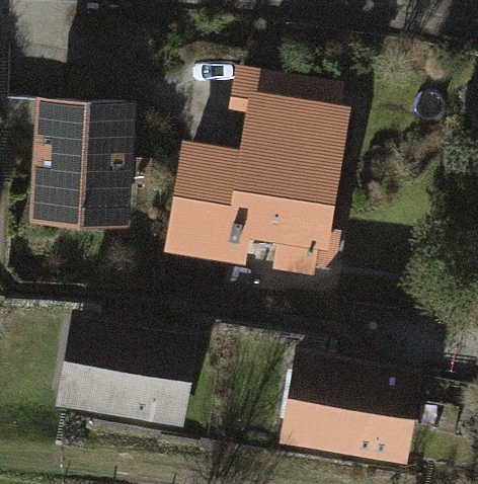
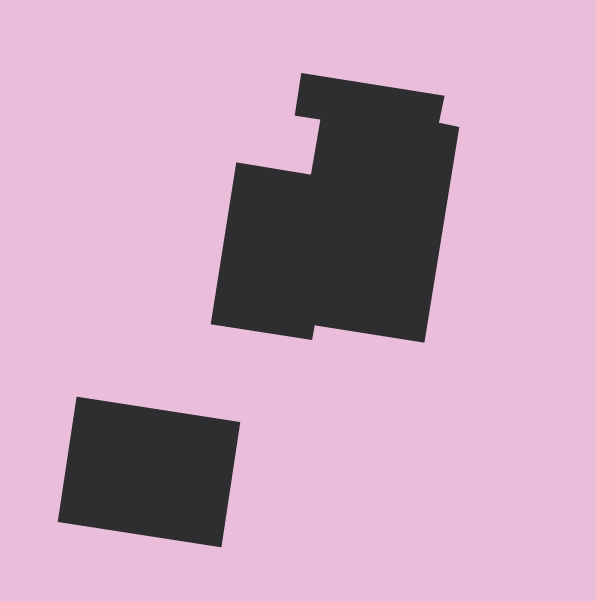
building: [29,97,147,229] -> none
building: [266,343,411,463] -> none

